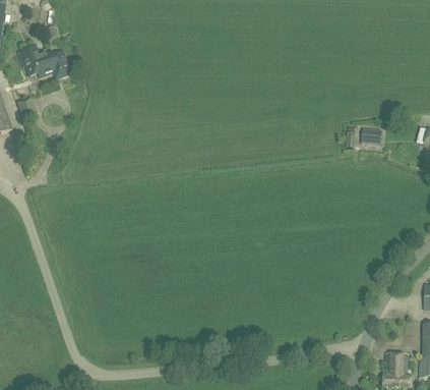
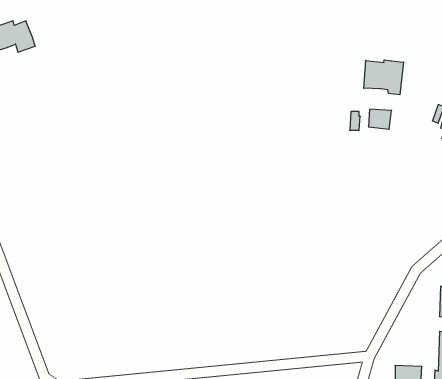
building: none -> [364,60,404,95]

